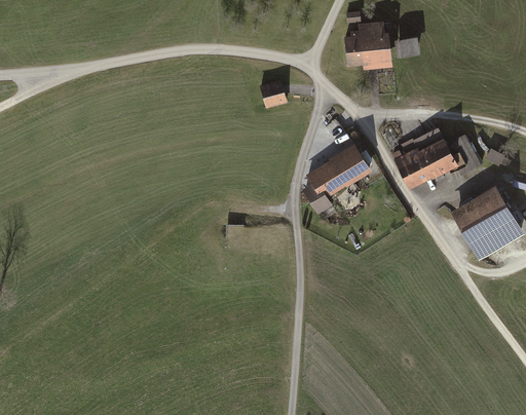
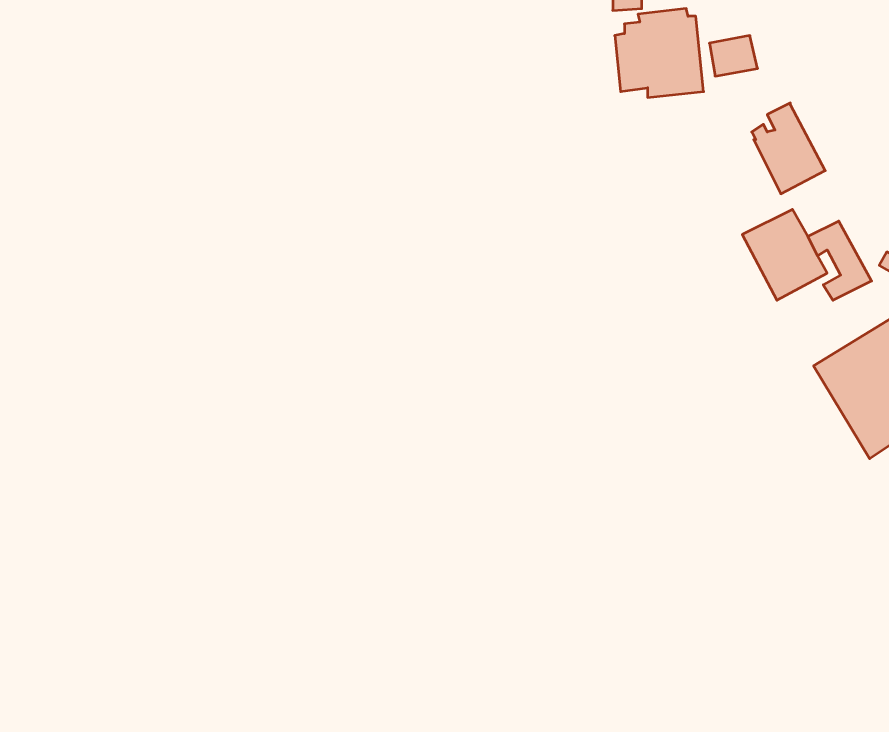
building: [260,79,287,108] -> none
building: [392,139,431,187] -> [752,103,825,194]
building: [301,141,372,214] -> none

